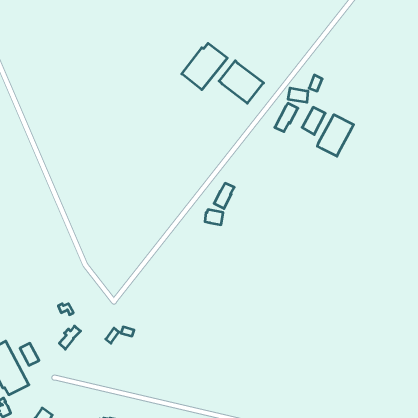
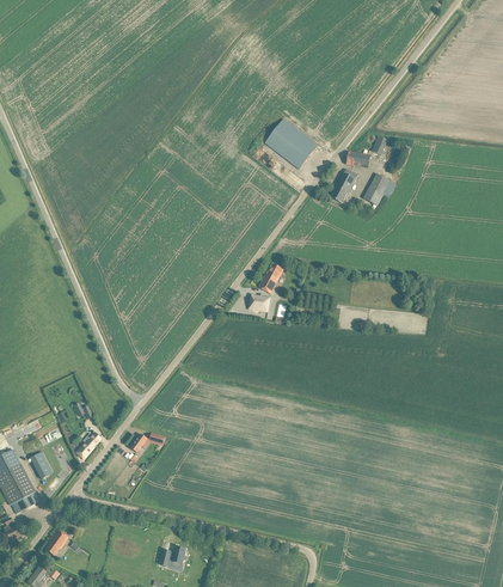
building: [182,43,227,90] -> none
building: [317,115,354,156] -> none

